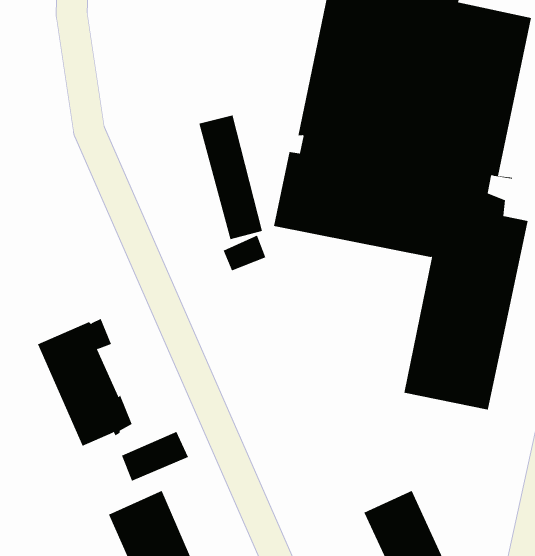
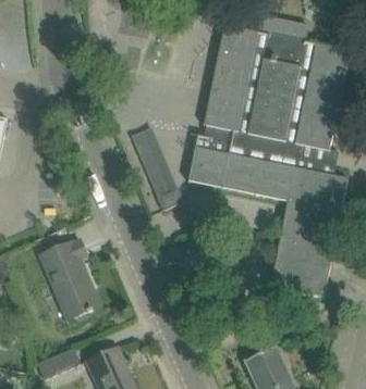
building: [121,431,189,481] -> [36,348,78,379]

